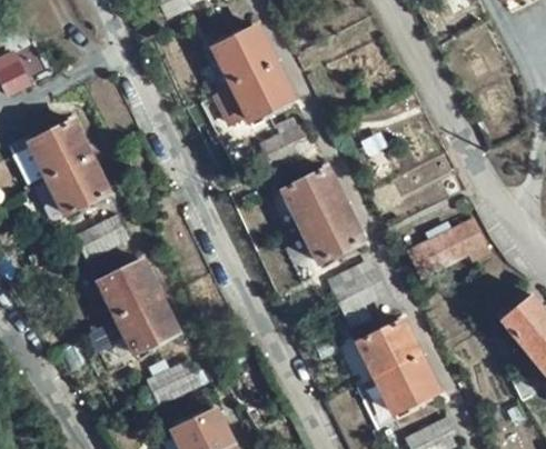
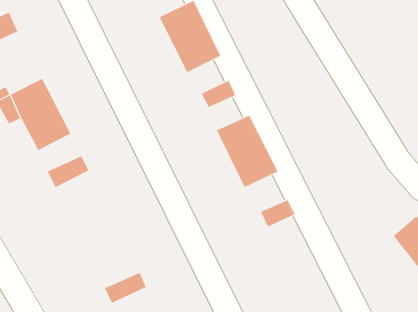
building: [414,227,496,278] -> none
building: [96,260,176,355] -> none
building: [363,320,437,407] -> none

